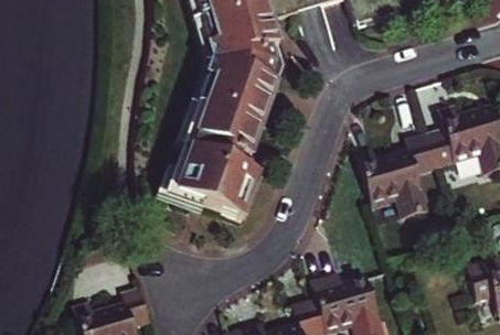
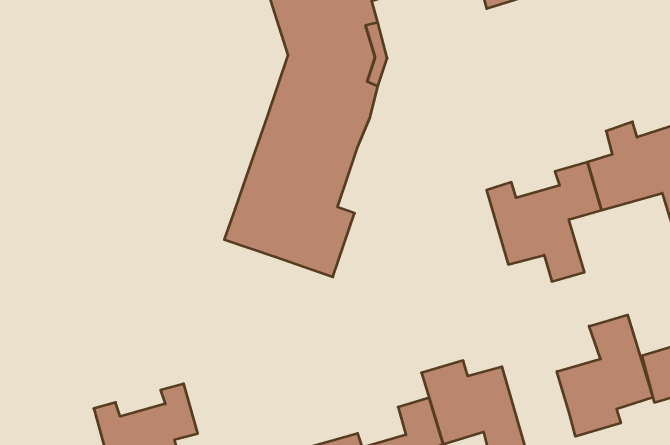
building: none -> [557,315,653,436]

